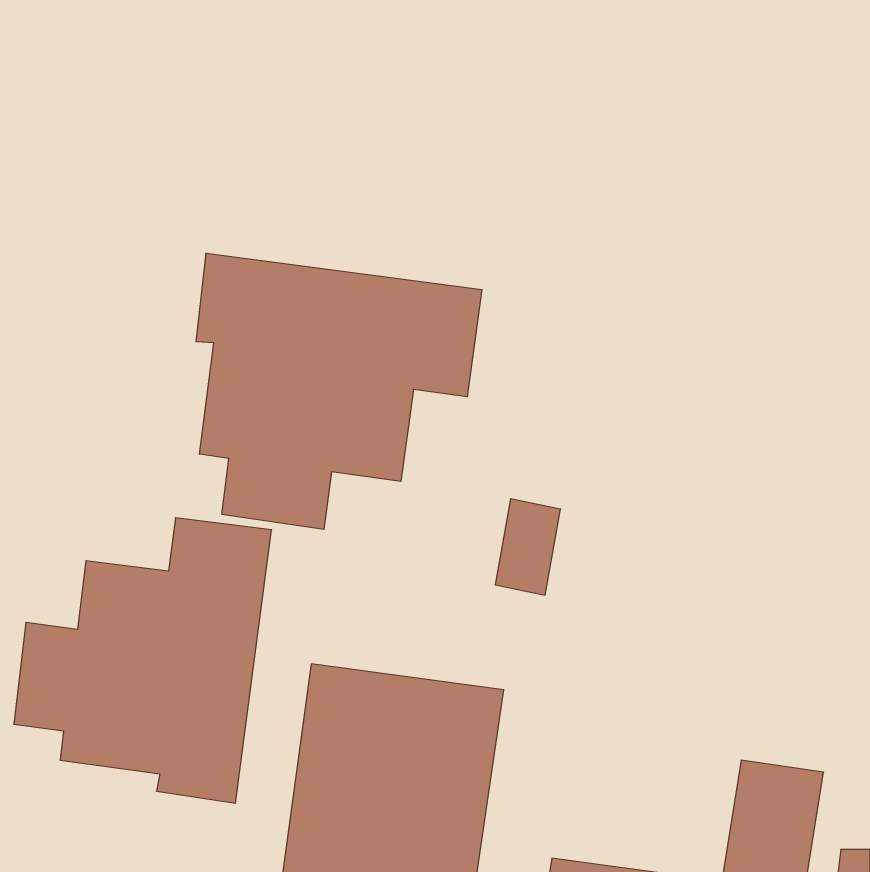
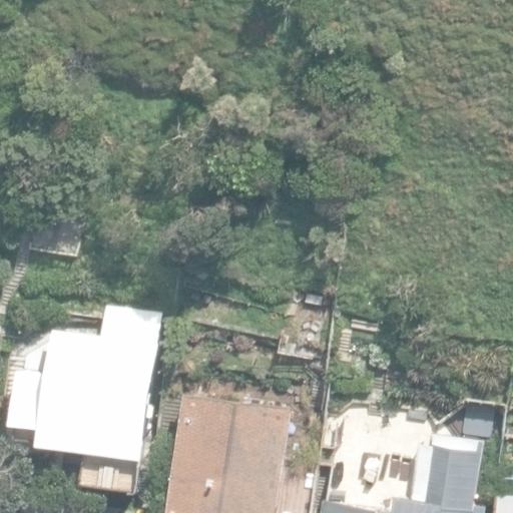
building: [196,253,482,529] -> none

